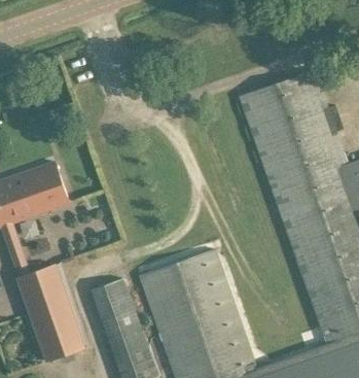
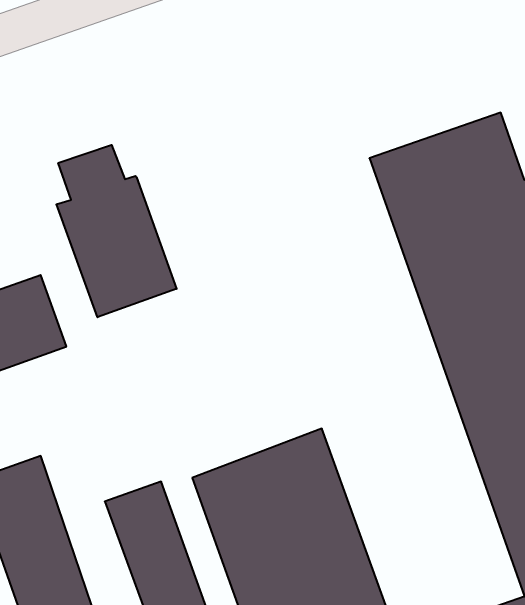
building: none -> [56,145,177,317]

